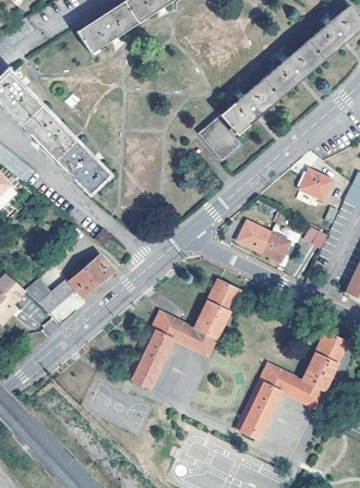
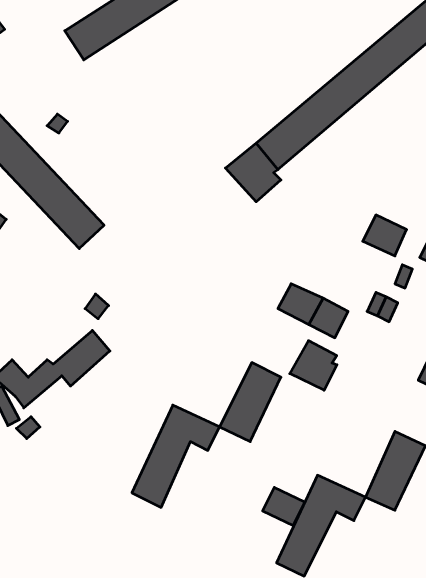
building: none -> [290,341,337,390]
building: [185,327,217,355] -> [263,487,305,525]
building: [295,379,325,407] -> none

